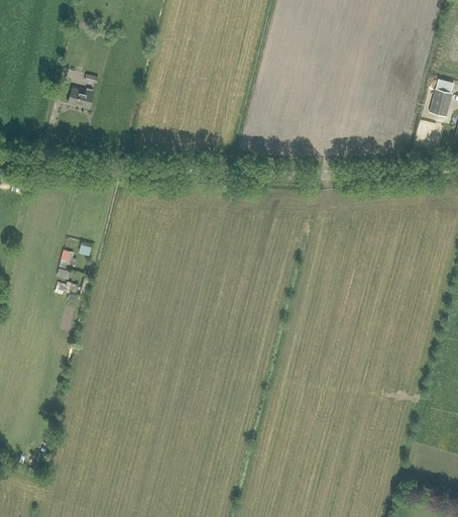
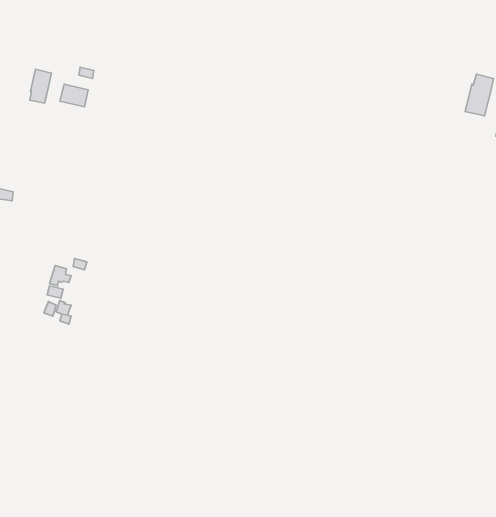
building: none -> [30,69,51,103]

